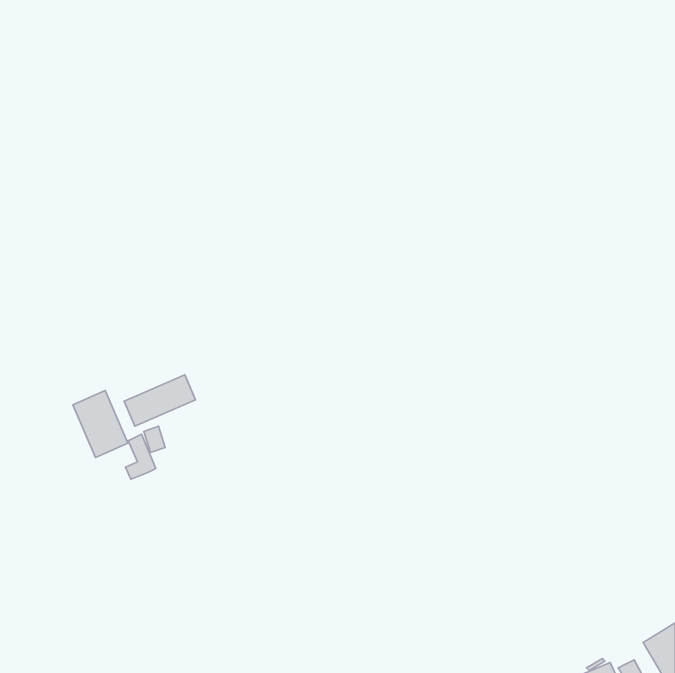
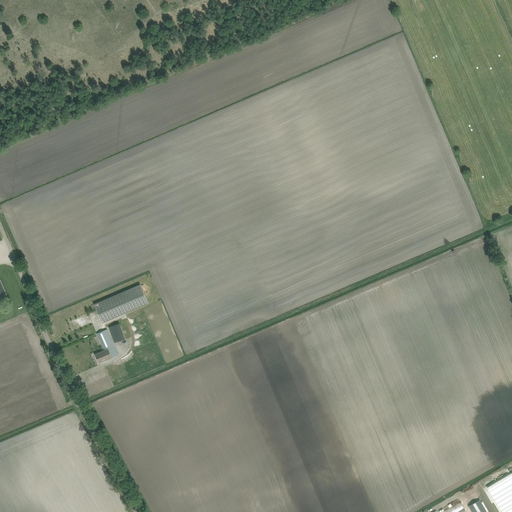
building: [73,390,128,457] -> none

